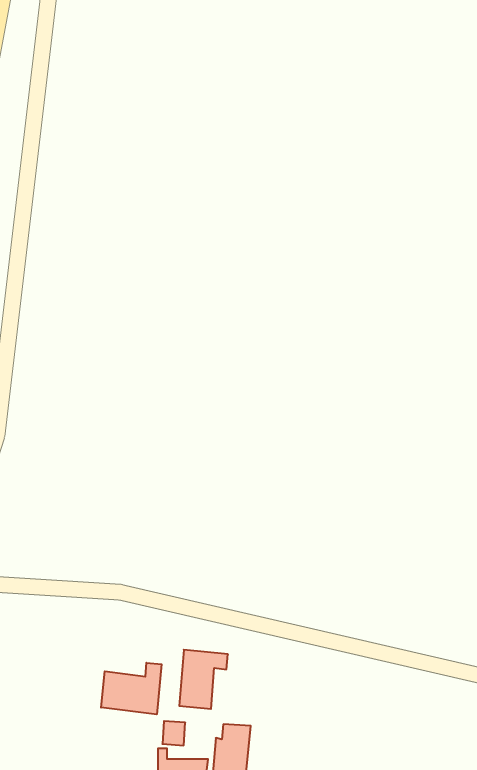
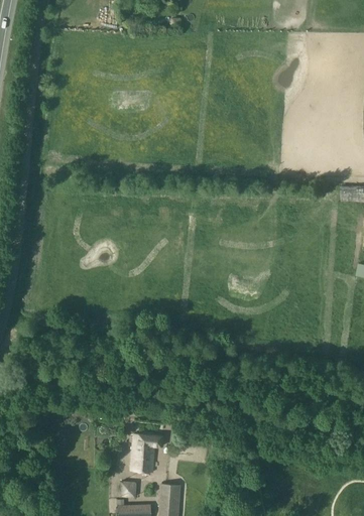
building: [101,663,162,714] -> none

